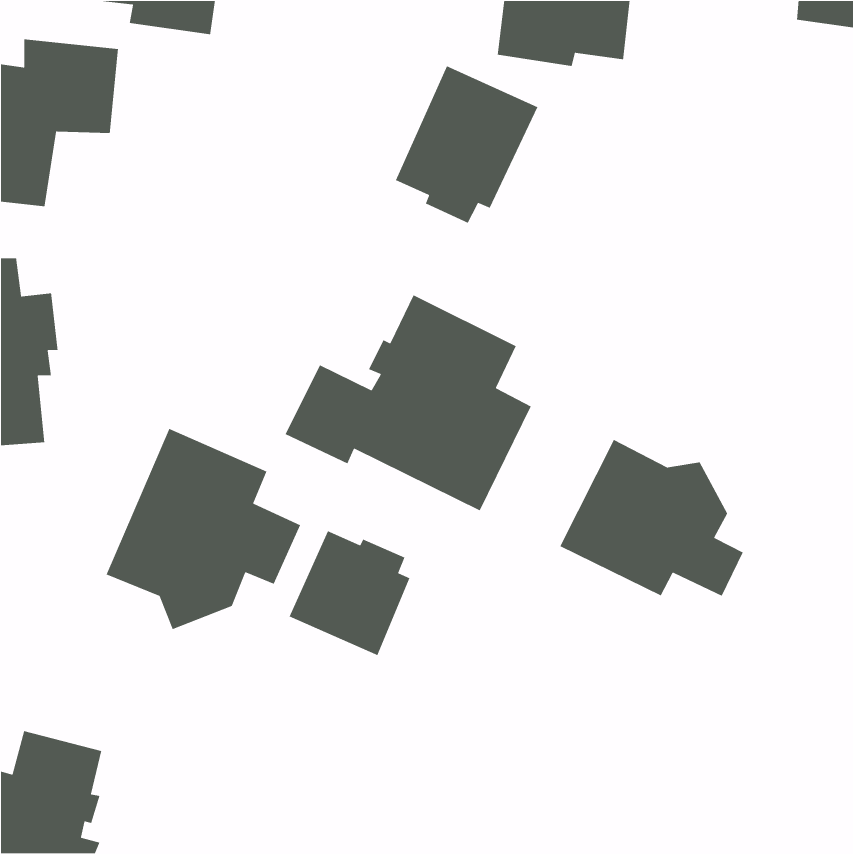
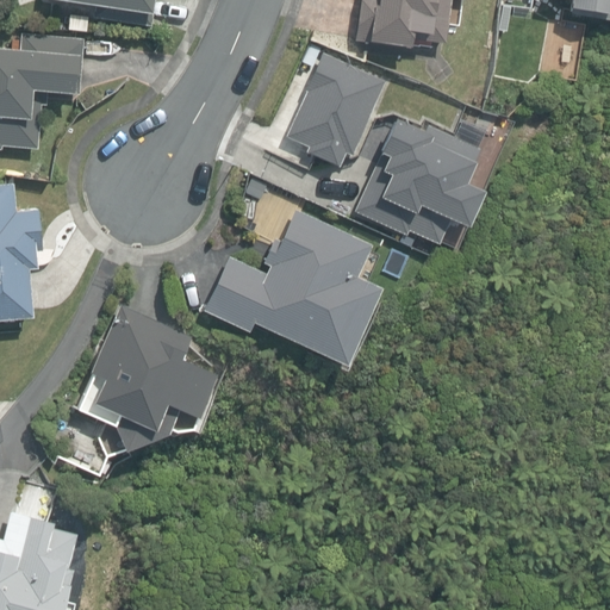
building: none -> [355,114,477,241]
building: [559,439,744,597] -> none
building: [289,530,410,656] -> none

